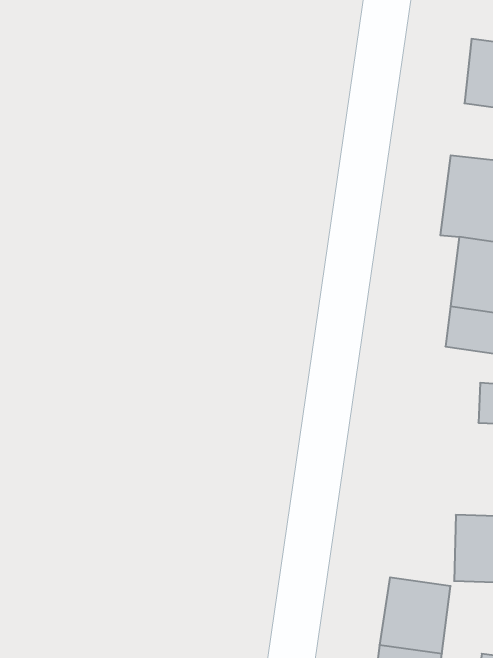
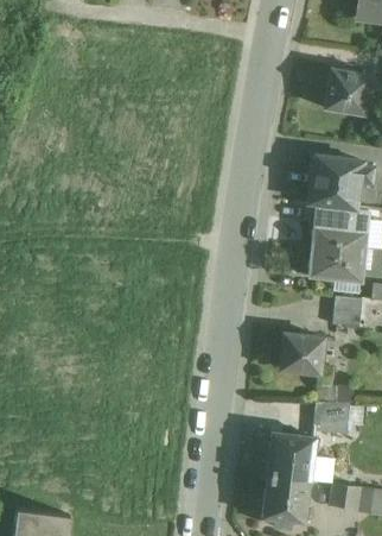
building: none -> [275,330,324,377]

